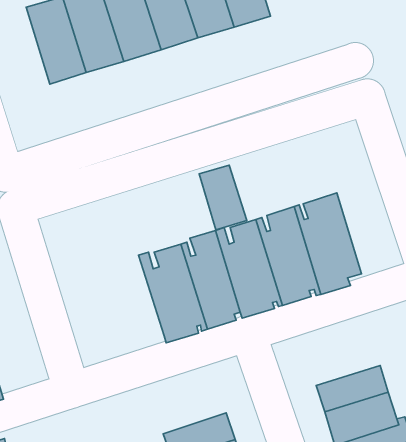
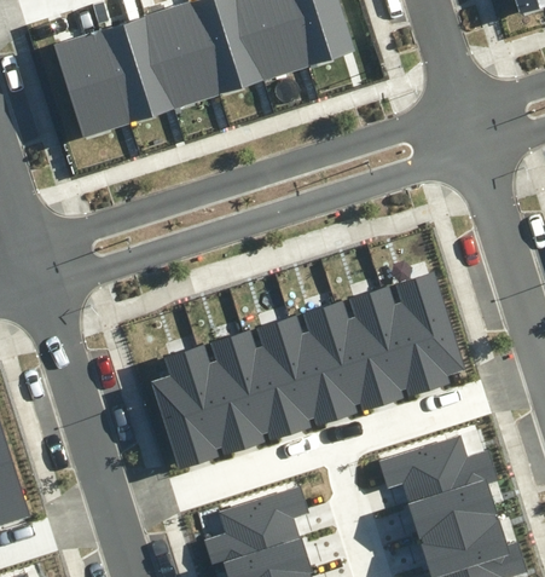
building: [199,165,247,230] -> none
building: none -> [150,346,222,467]
building: none -> [378,435,497,506]
building: none -> [203,485,308,569]

